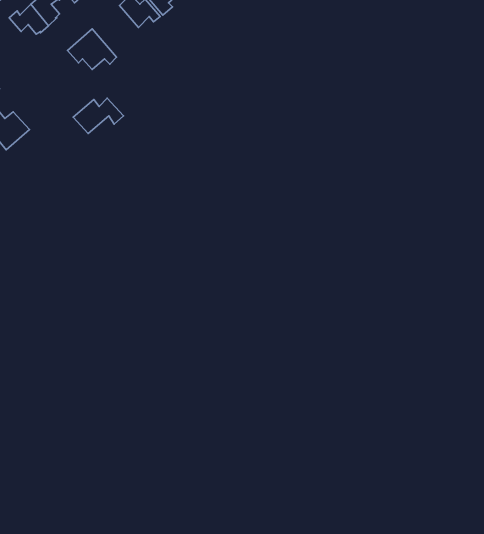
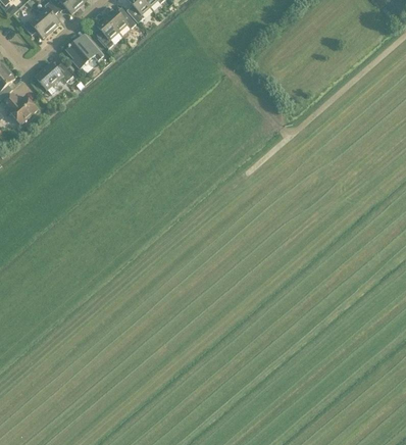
building: none -> [97,13,120,45]
building: [73,98,124,134] -> [37,59,74,86]

